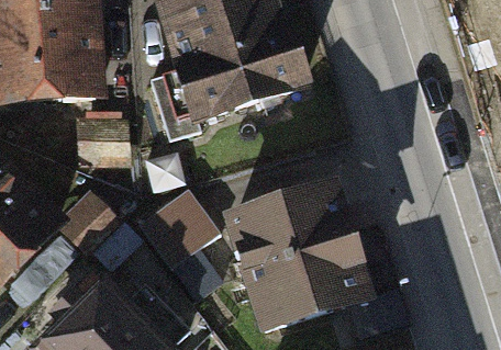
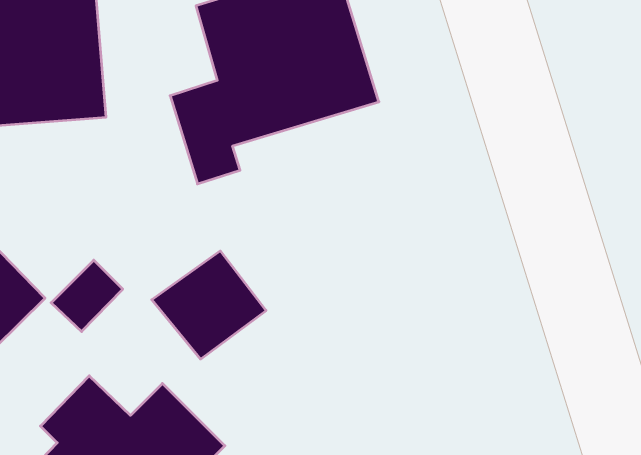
building: [236,189,368,325] -> none

